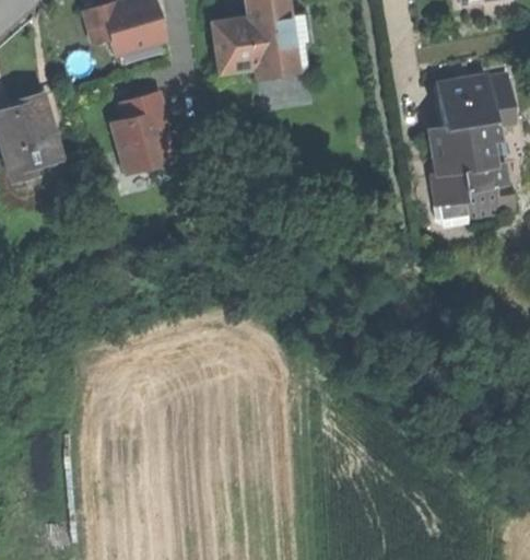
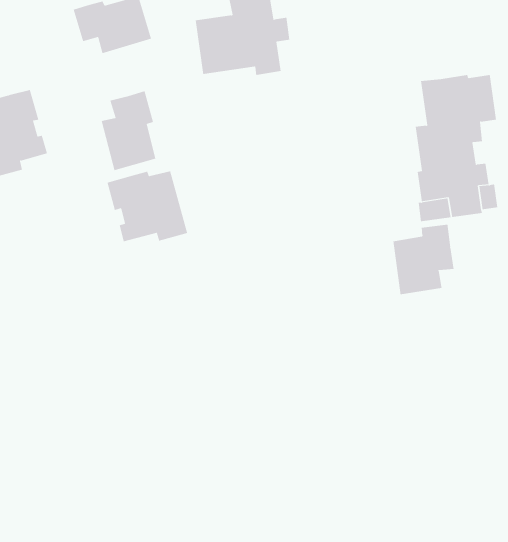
building: none -> [107,170,188,242]
building: none -> [393,224,454,295]

